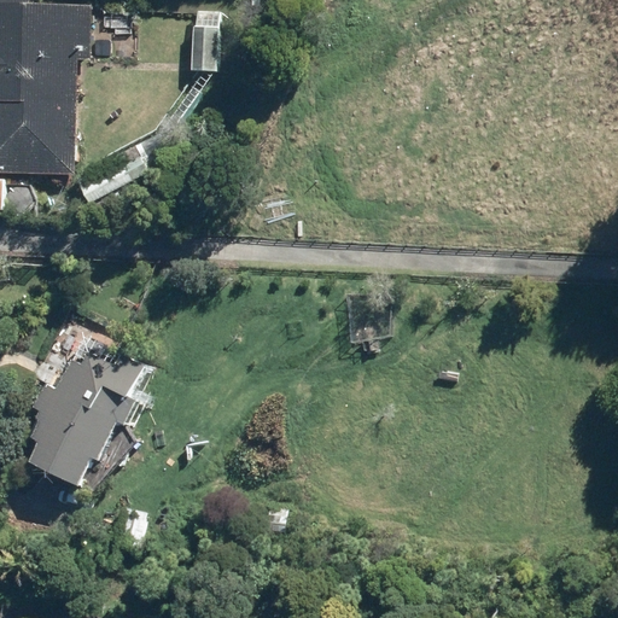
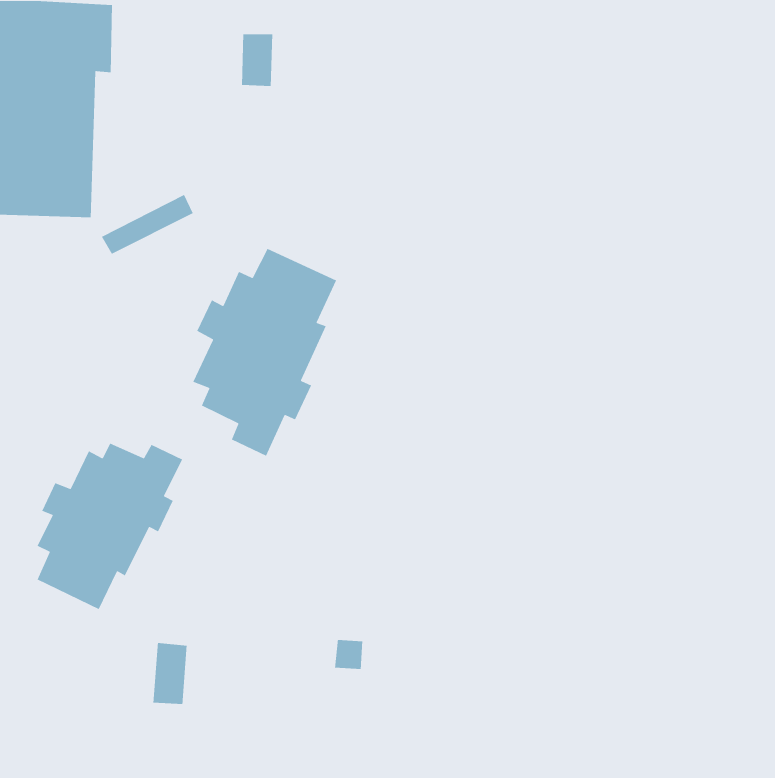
building: none -> [192,248,337,457]

